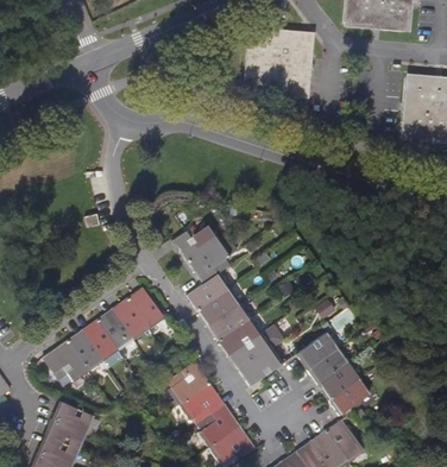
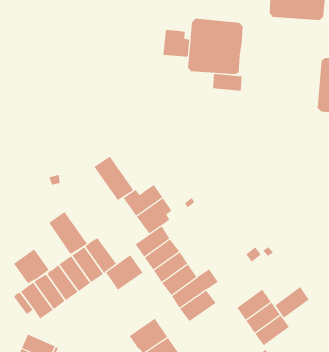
building: none -> [163,29,190,58]
building: none -> [213,73,242,91]
building: none -> [93,156,134,201]
building: none -> [49,211,88,255]
building: none -> [13,249,50,284]
building: [295,332,336,370] -> [274,286,310,318]
building: [164,360,209,403] -> [105,254,143,291]

